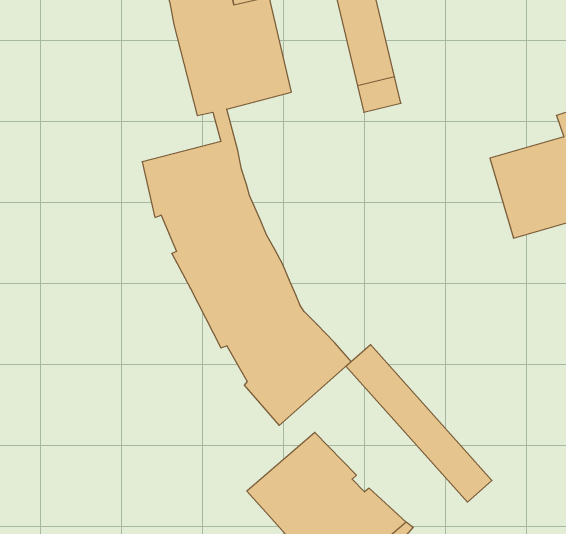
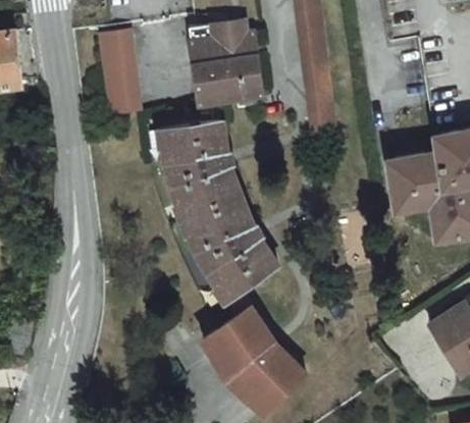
building: none -> [101,30,140,114]
building: [346,345,492,502] -> none

